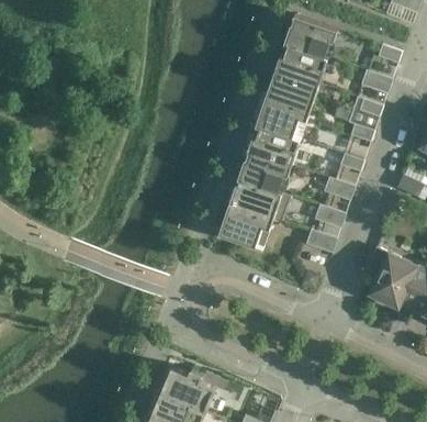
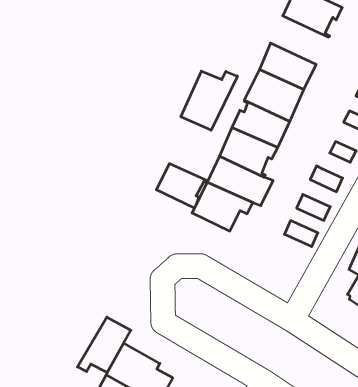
building: [276,43,328,85] -> none
building: none -> [181,71,237,130]
building: none -> [156,164,207,208]
building: none -> [77,317,131,373]

